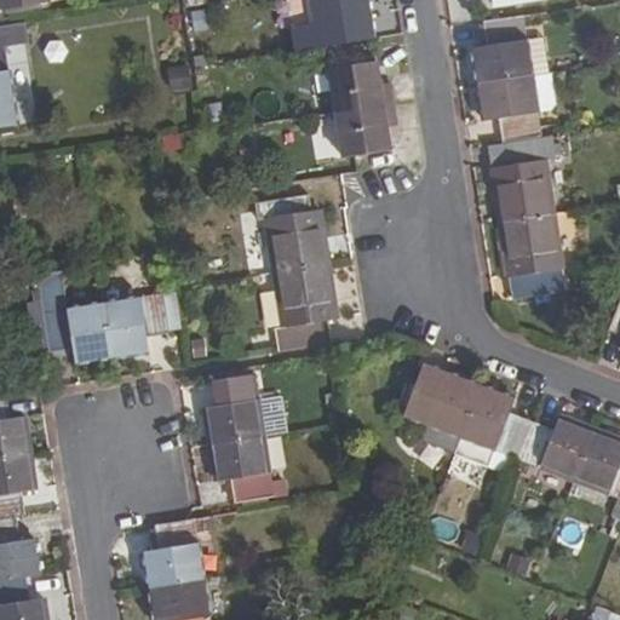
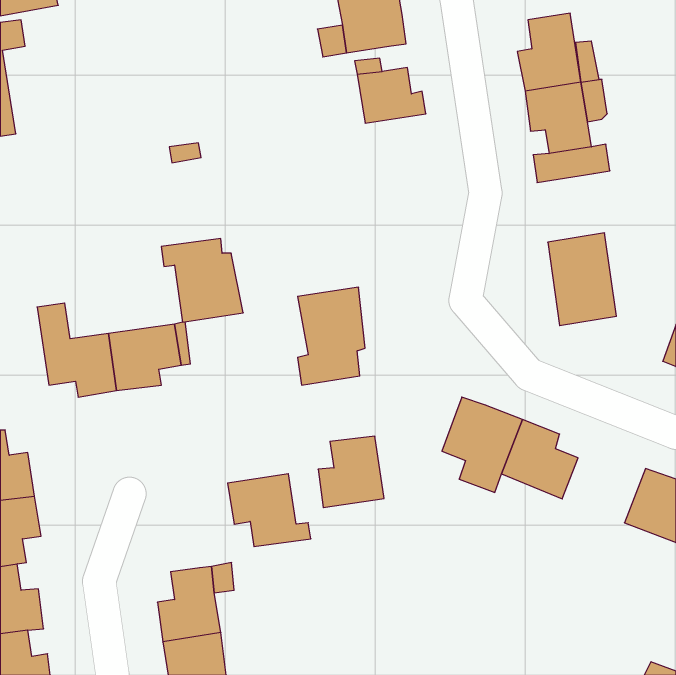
building: [334,104,392,156] -> none
building: [492,159,553,222] -> none
building: [253,195,328,271] -> [161,239,243,322]
building: [203,377,264,442] -> [318,436,384,508]
building: [515,414,591,478] -> none

